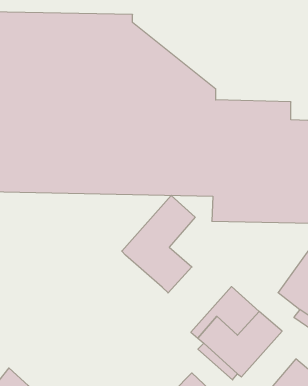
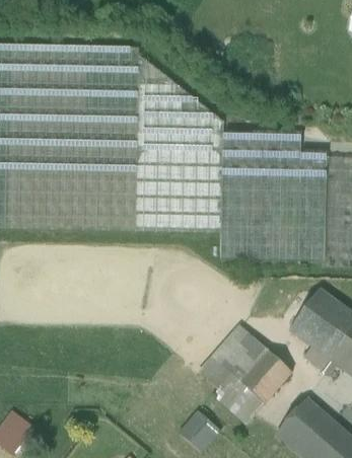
building: [122,195,195,293] -> none

